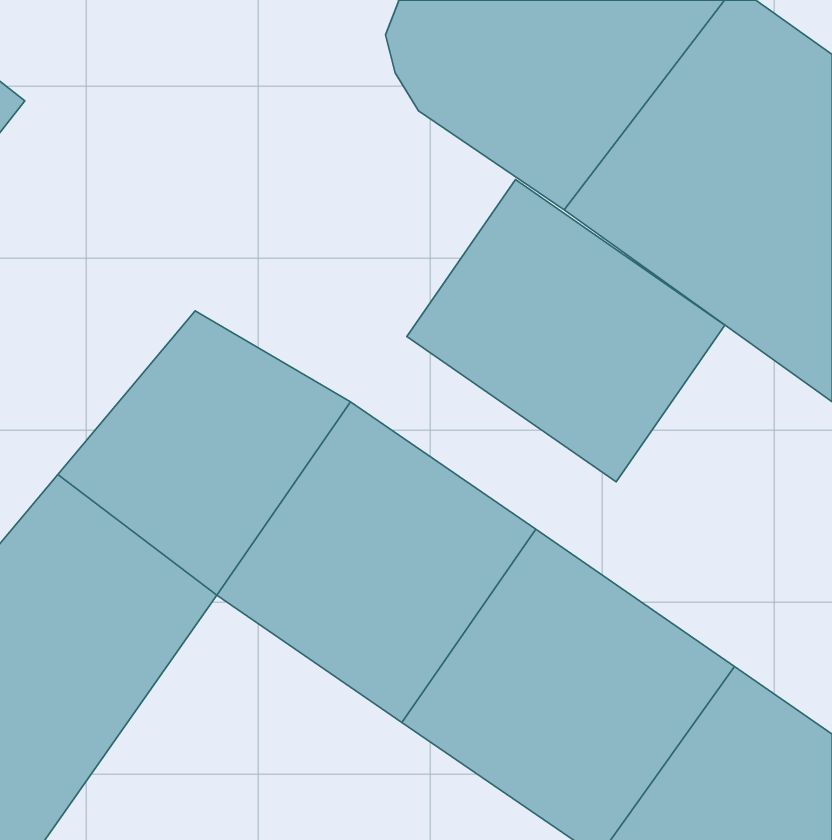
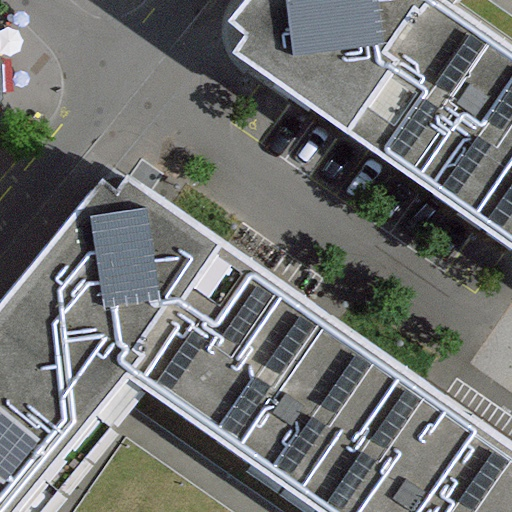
building: [407,180,725,482] -> none

